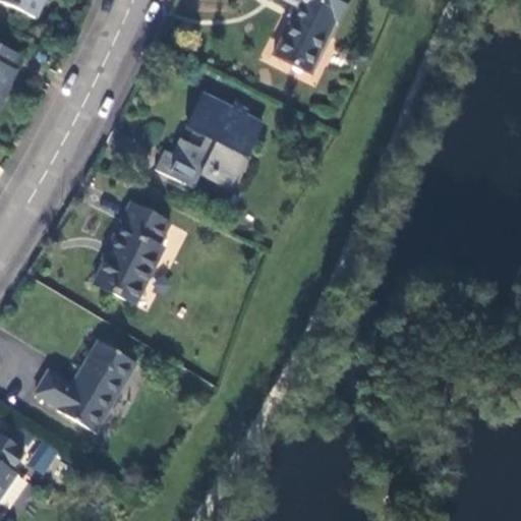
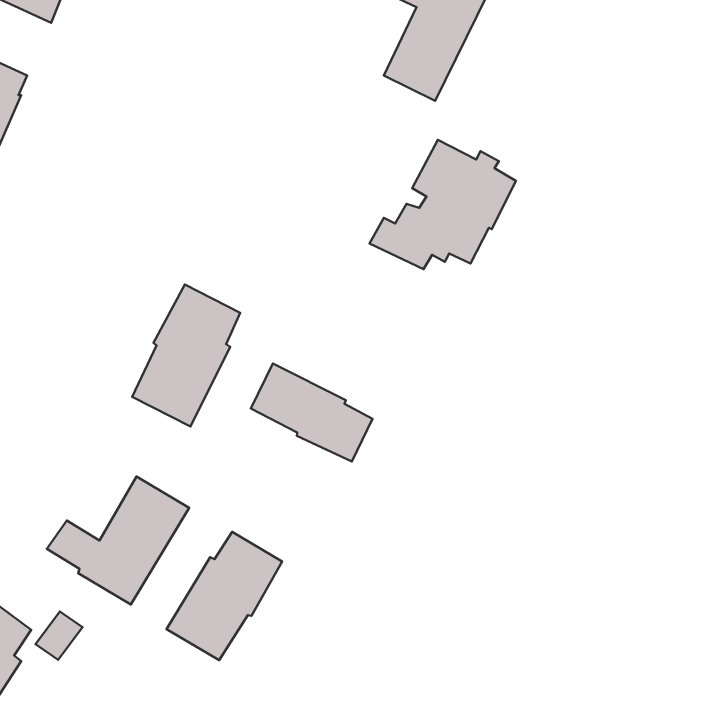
building: [155,93,259,185] -> [370,140,516,269]
building: none -> [251,364,372,462]
building: none -> [167,532,282,660]

